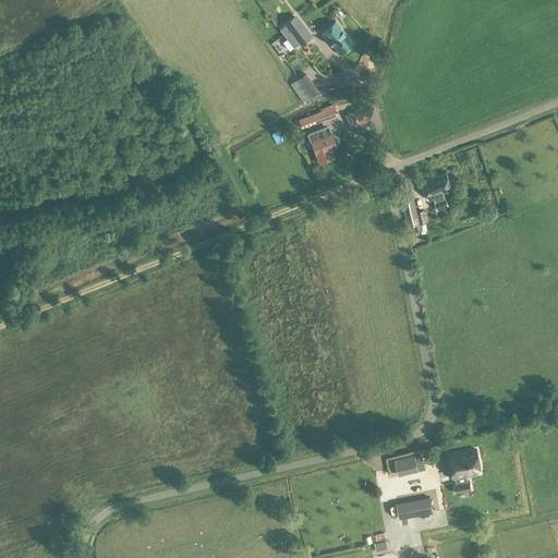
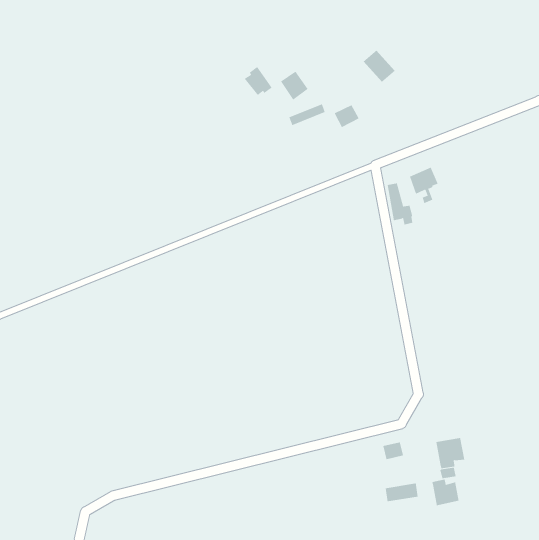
building: [281,15,311,46] -> [244,66,272,96]
building: [320,22,354,56] -> [363,50,396,83]
building: [307,130,339,166] -> none
building: none -> [432,478,459,506]

